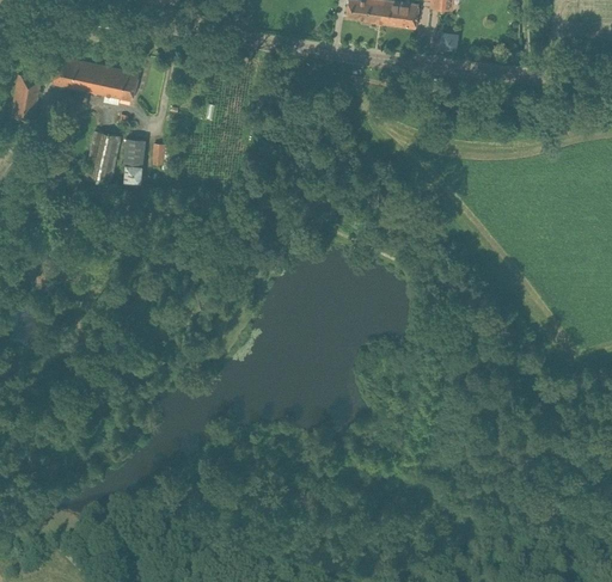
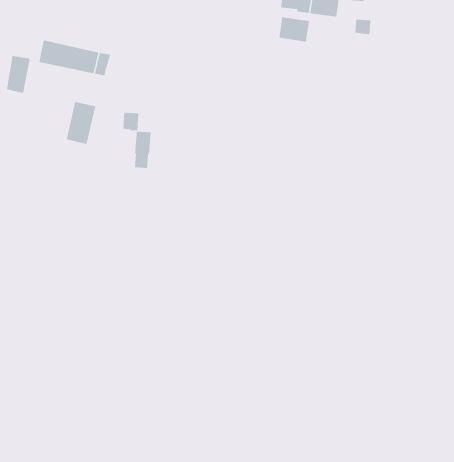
building: none -> [279,16,309,42]
building: [123,139,145,184] -> [134,131,152,168]

